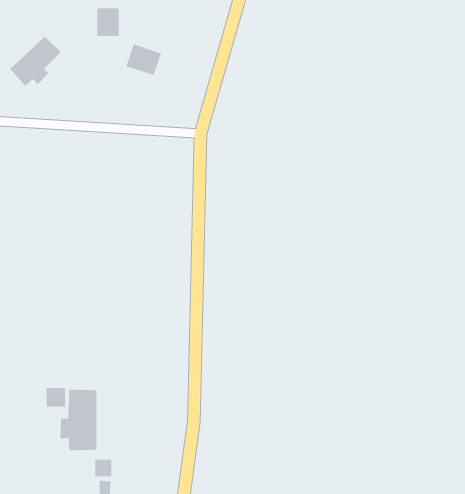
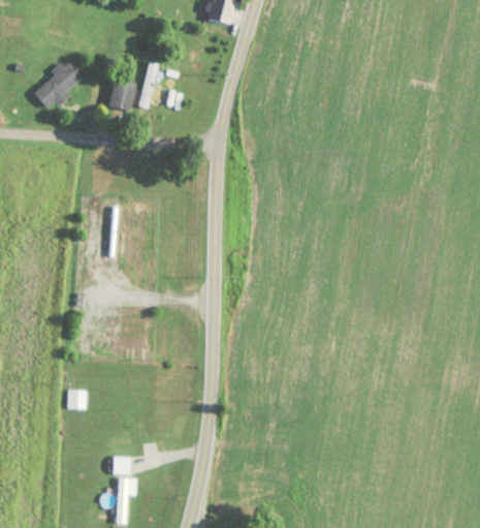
building: [96,8,120,36] -> [110,82,132,108]
building: [60,389,97,451] -> none

